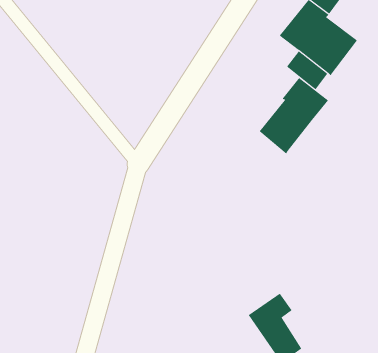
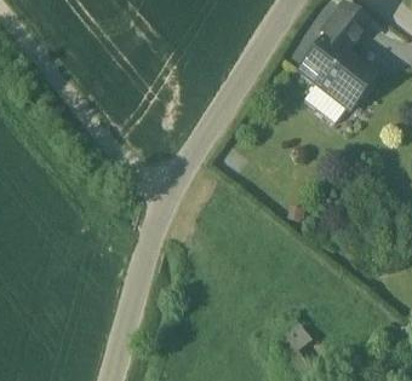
building: [259,77,329,154] -> none

